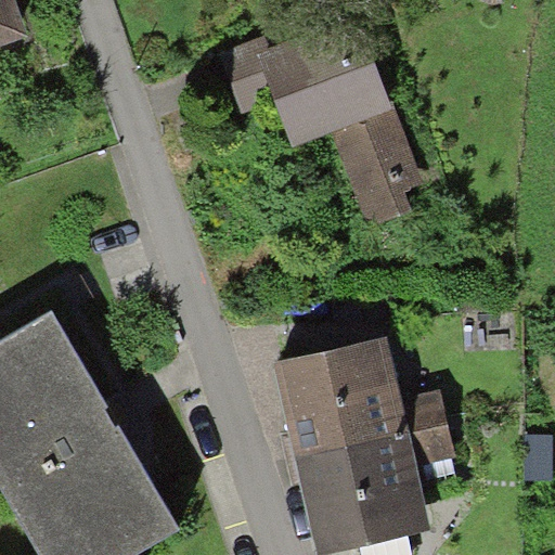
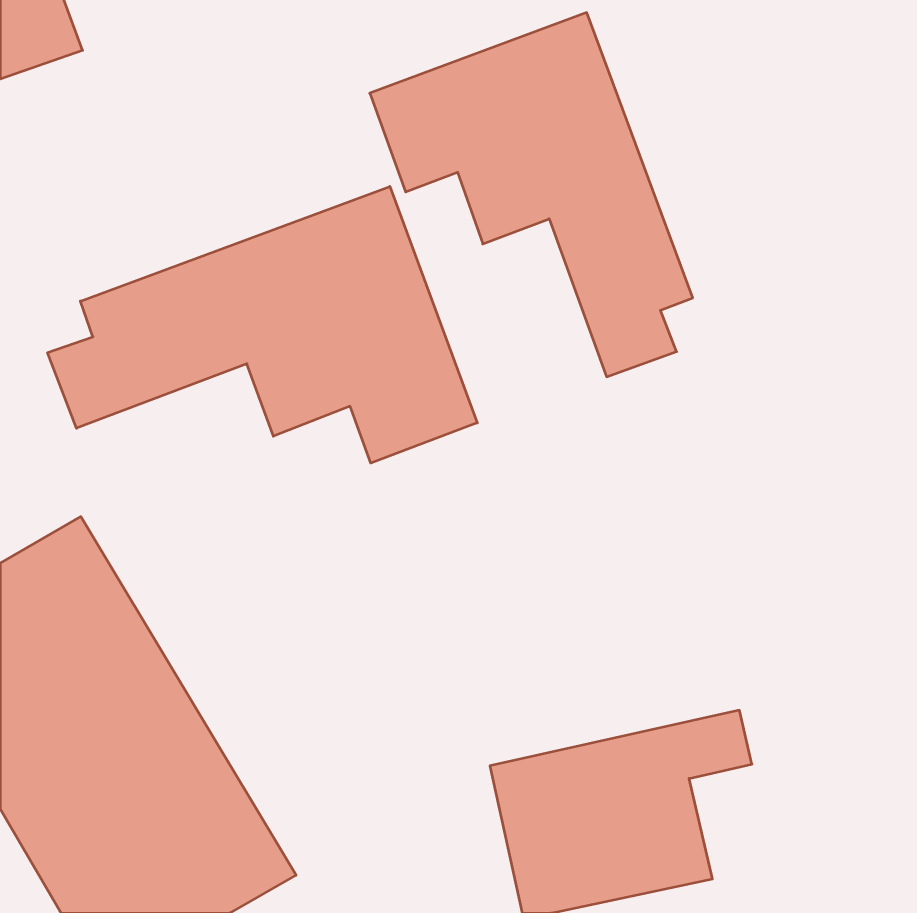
building: none -> [48,186,477,463]
building: [278,348,447,463] -> none

